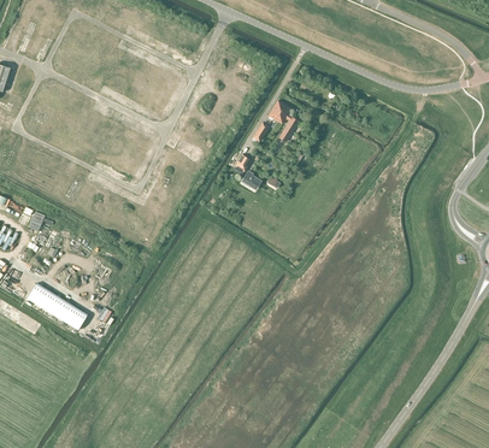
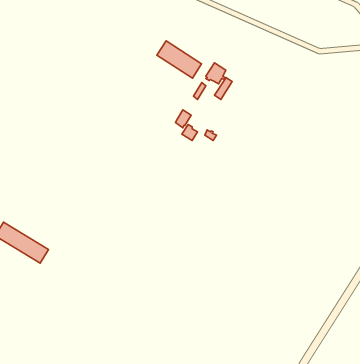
building: none -> [157,41,202,78]

